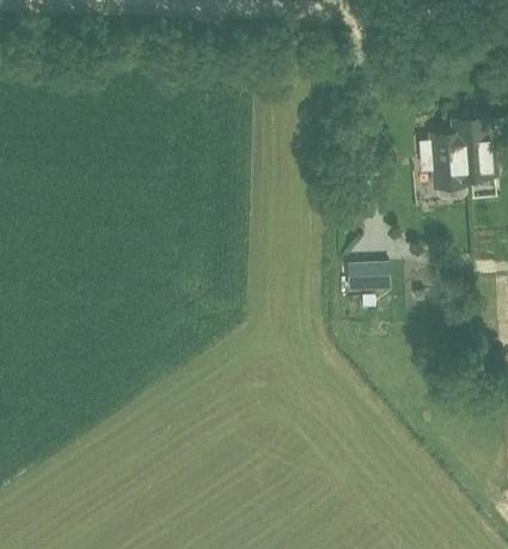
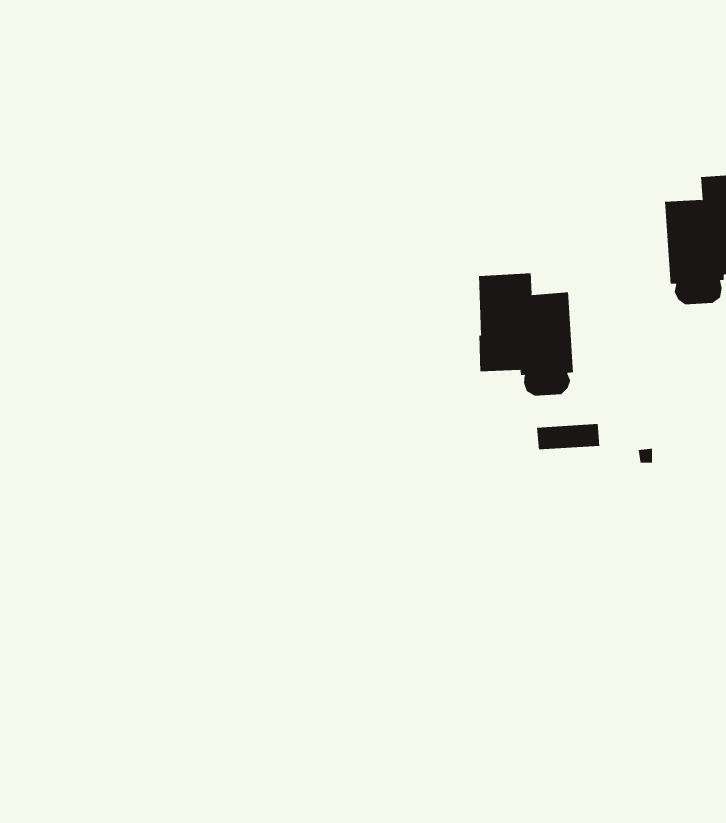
building: none -> [478,272,573,396]

